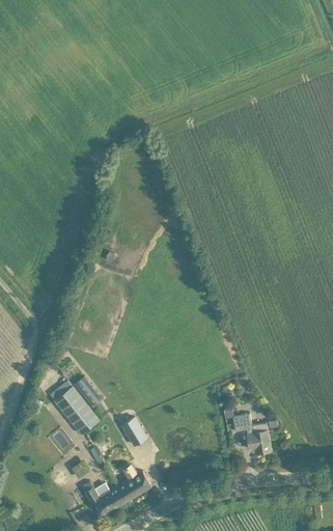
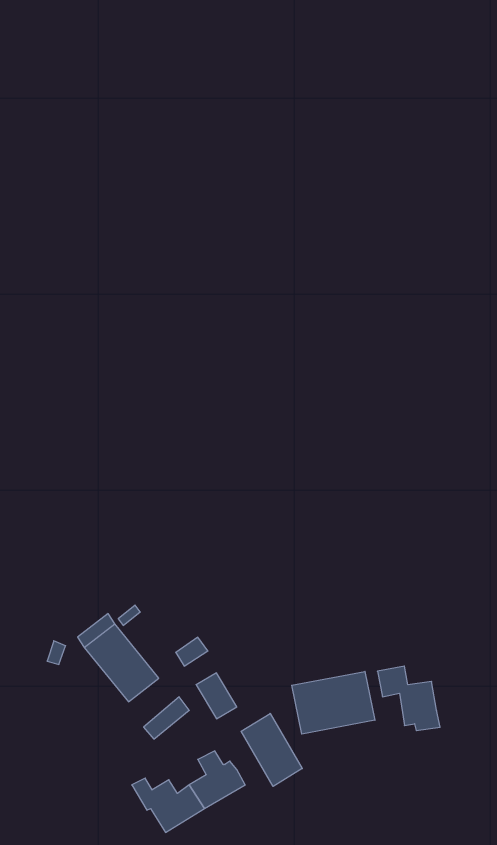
building: none -> [292,671,375,734]
building: none -> [241,713,302,786]

